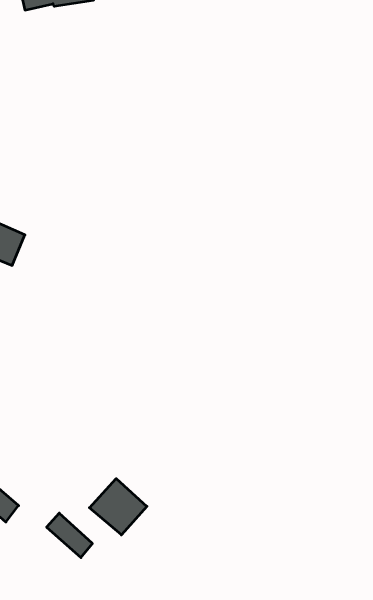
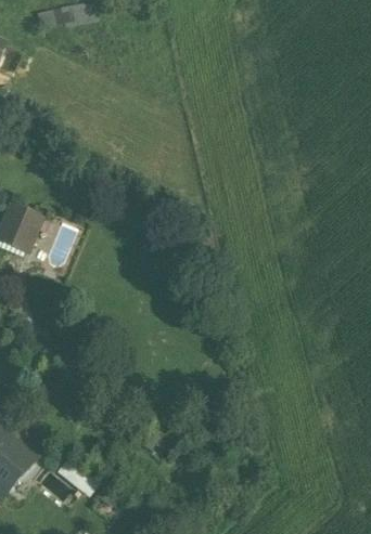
building: [89,479,147,535] -> none

